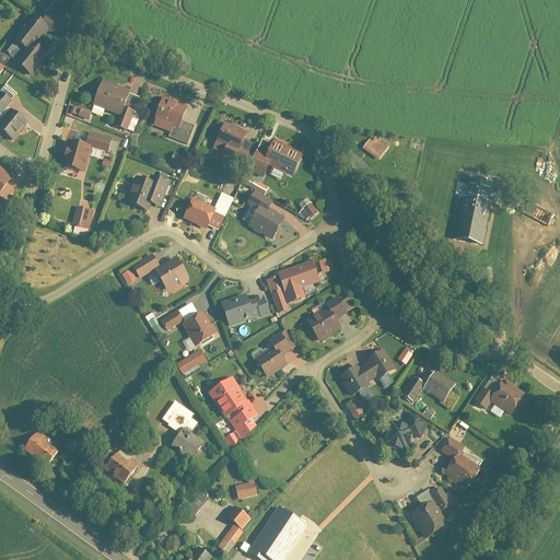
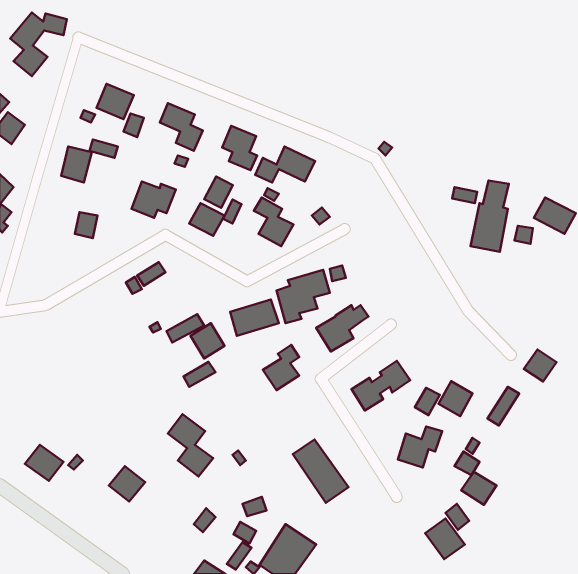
building: none -> [204,177,233,208]
building: [154,255,188,290] -> none
building: [210,378,264,440] -> [293,439,348,503]
building: [491,382,523,412] -> [524,350,557,381]

